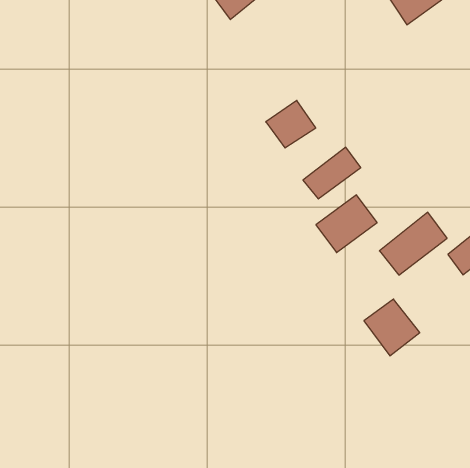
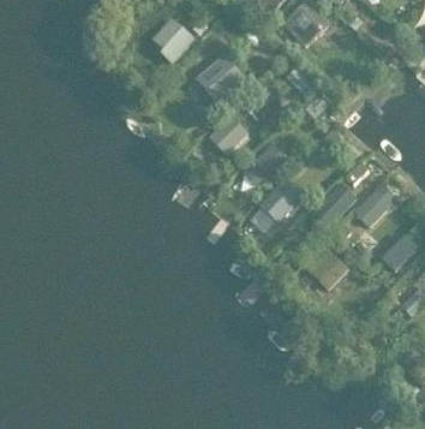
building: none -> [197,53,245,100]

